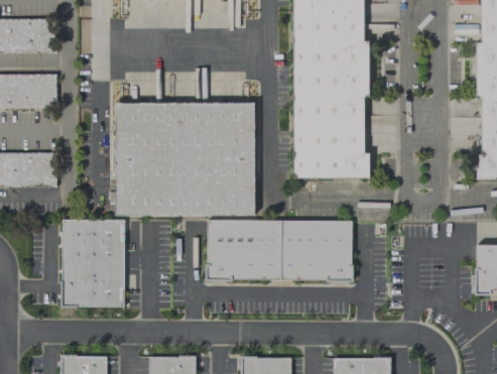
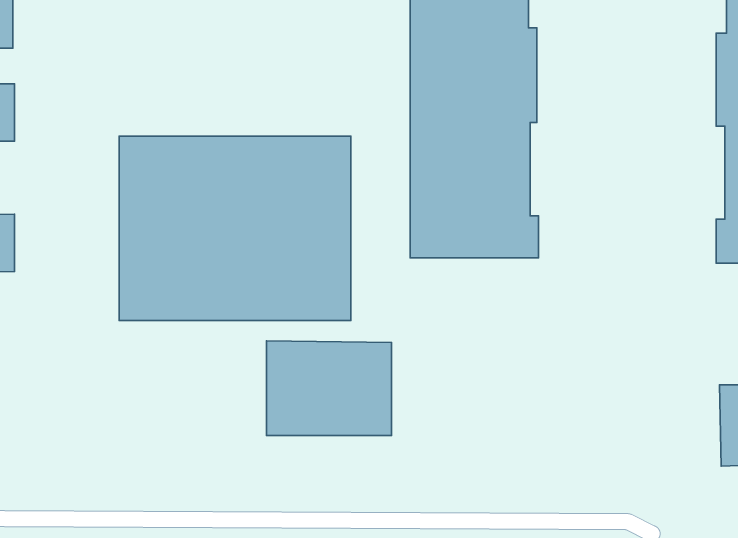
building: [66,221,126,304] -> none
building: [281,227,352,283] -> none

